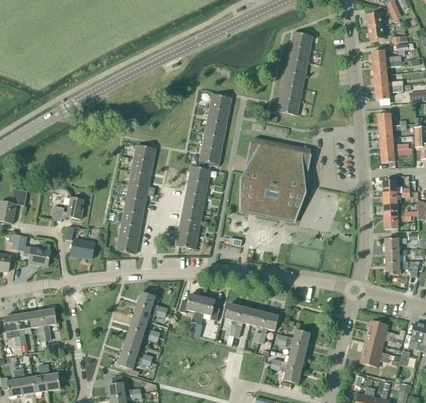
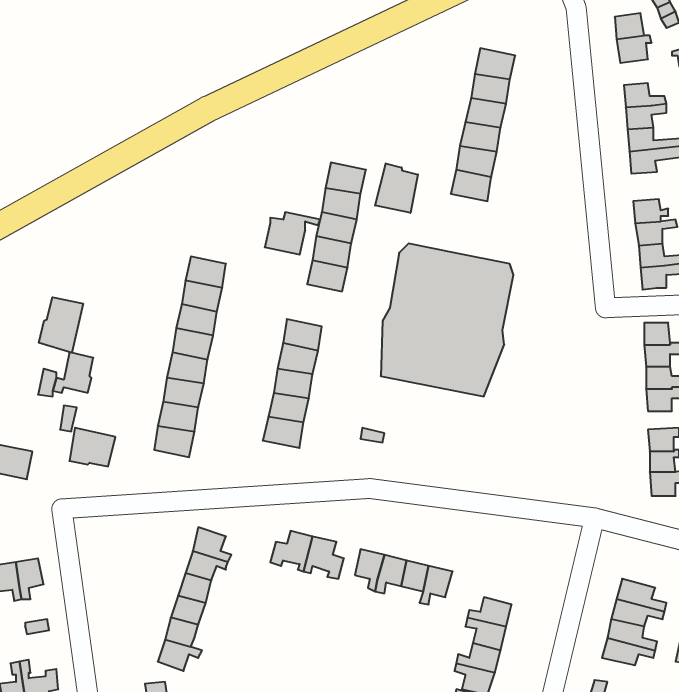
building: none -> [375,163,418,213]
building: [188,160,218,183] -> [265,212,320,255]
building: none -> [39,297,83,353]

